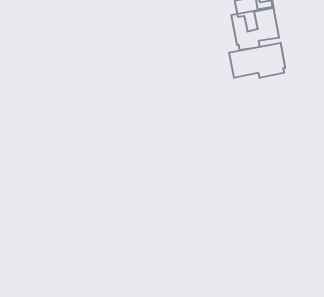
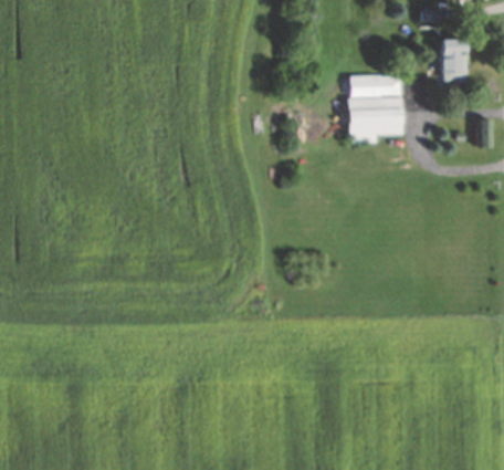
building: [229,43,285,78] -> none

